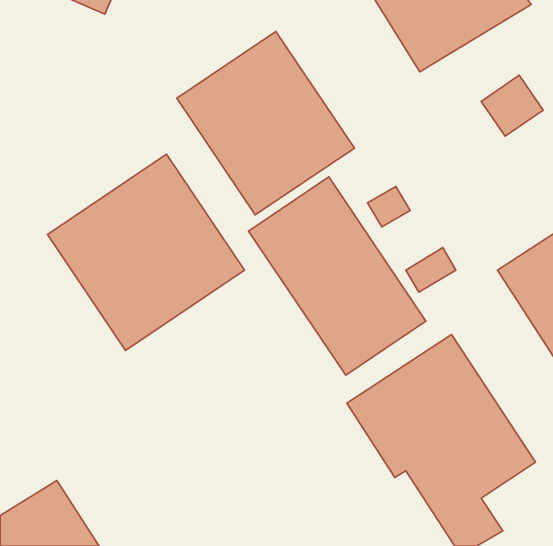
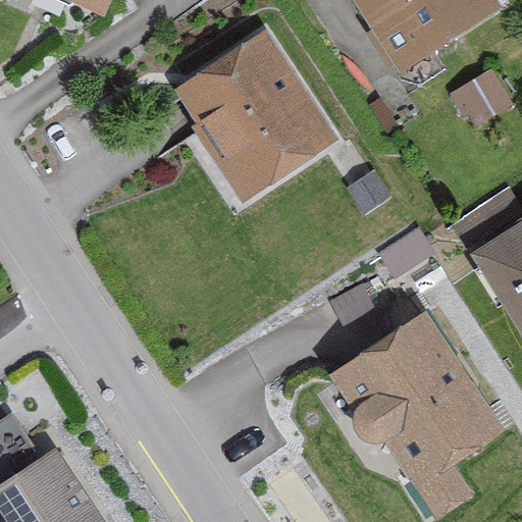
building: [48,154,245,350] -> none
building: [249,177,426,375] -> none

